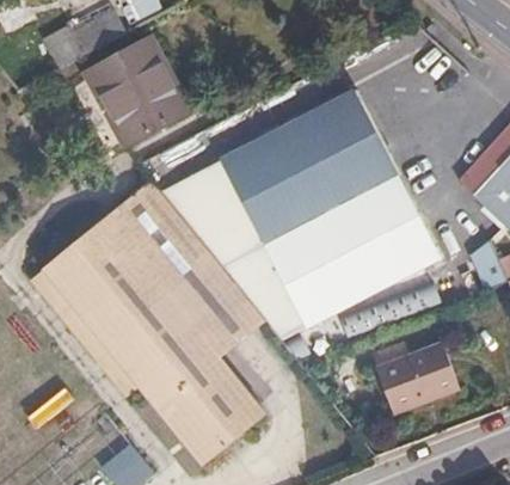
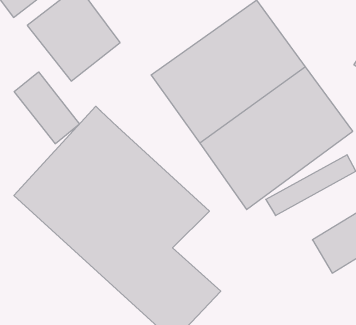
building: none -> [14,72,79,144]
building: [155,155,306,342] -> none

